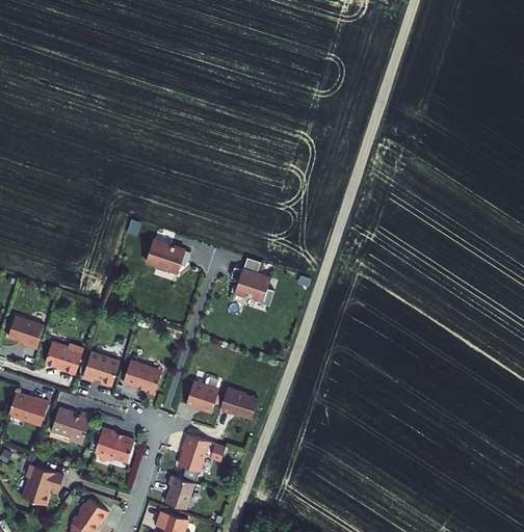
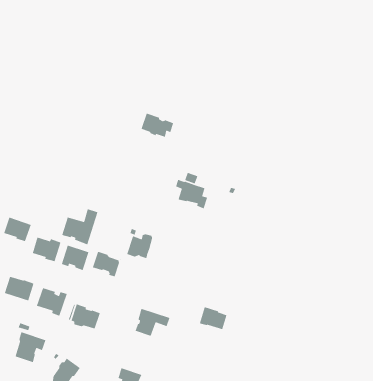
building: [146,240,189,273] -> [141,112,174,138]
building: none -> [61,208,99,245]
building: [185,378,220,411] -> [126,234,153,259]
building: [219,388,257,419] -> [199,306,227,330]
building: [164,476,194,509] -> none

